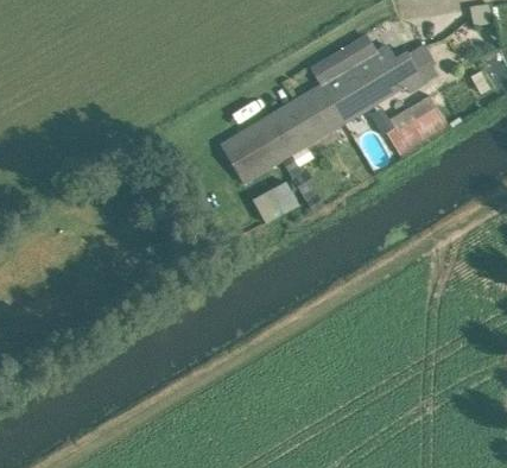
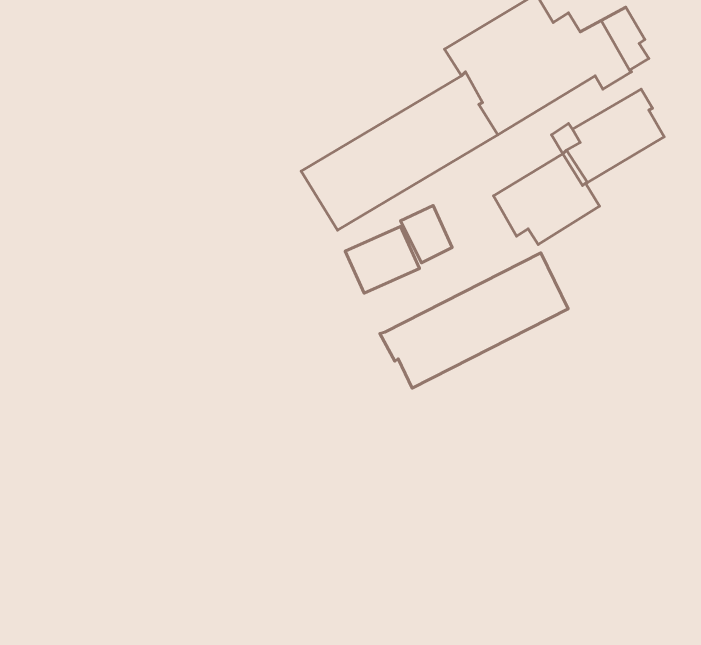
building: none -> [493,154,600,244]
building: none -> [380,253,568,388]

